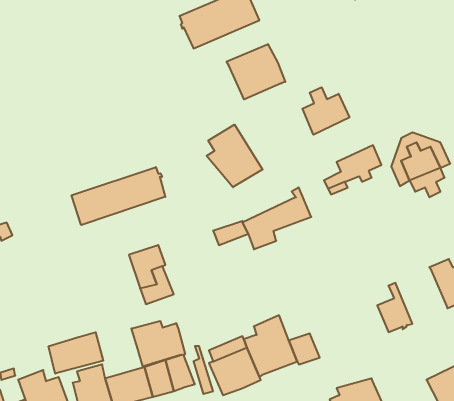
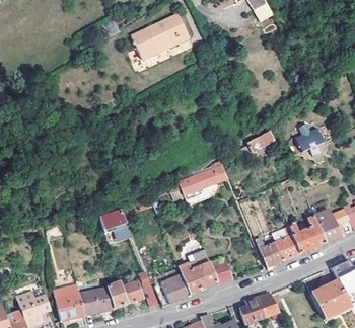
building: [227,44,285,99] -> none
building: [302,87,349,135] -> none
building: [207,125,263,187] -> none
building: [72,167,165,225] -> none
building: none -> [288,215,326,254]
building: none -> [254,235,283,269]
building: [131,321,185,366] -> none
building: [49,332,103,374] -> none

